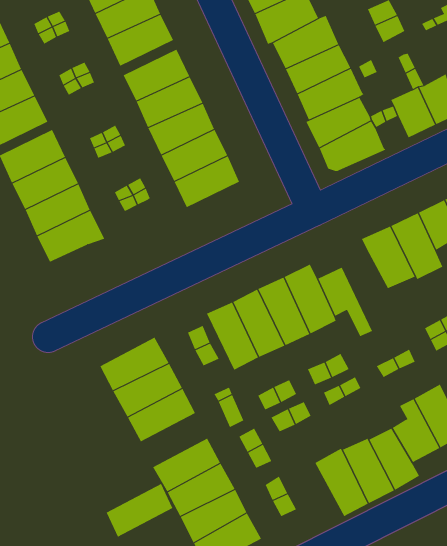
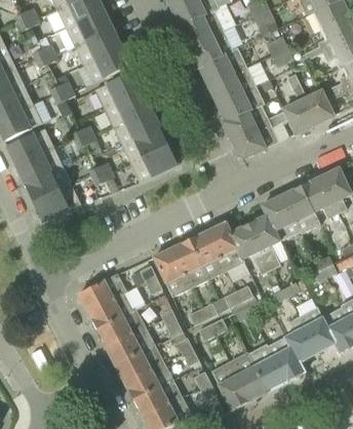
building: none -> [248,215,281,269]
building: none -> [211,361,249,410]
building: [106,483,173,537] -> [107,326,154,364]

